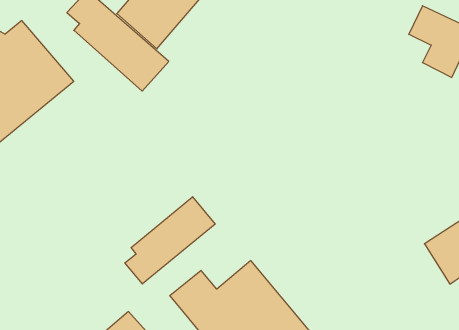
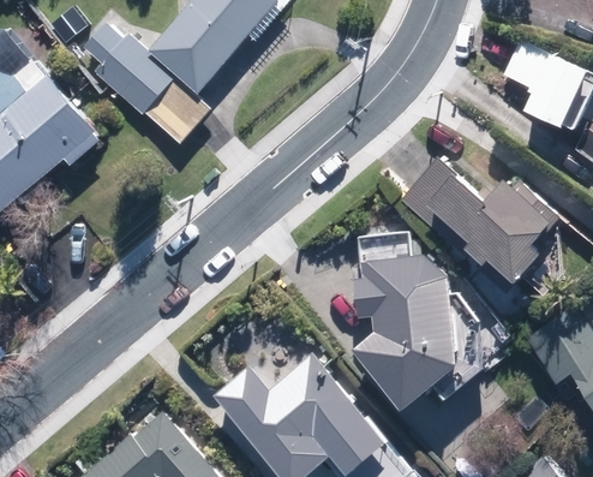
building: none -> [403,159,547,282]
building: none -> [351,255,456,409]
building: [125,197,215,284] -> none

